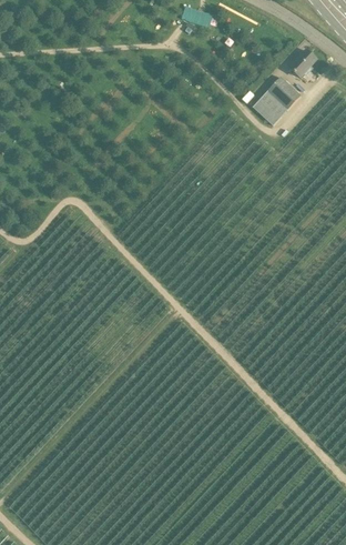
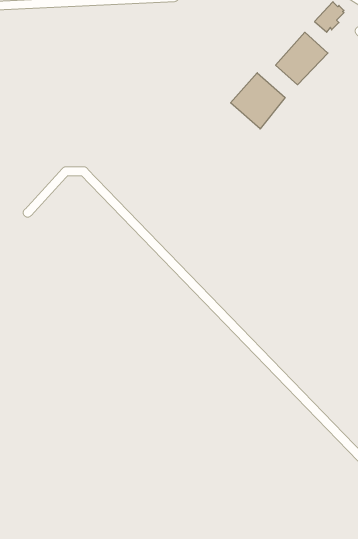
building: none -> [231,73,285,129]

